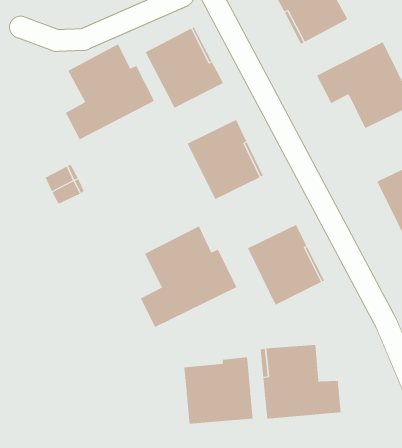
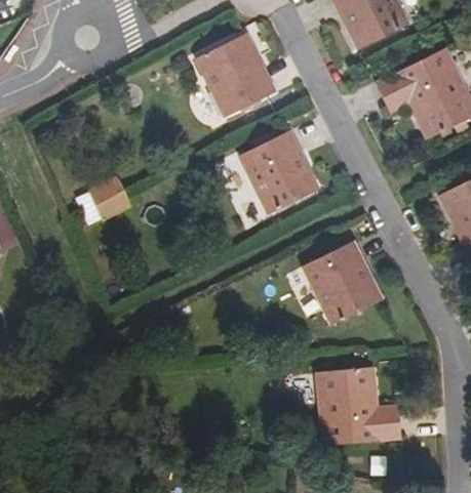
building: [65,44,155,140] -> none
building: [140,226,237,328] -> none
building: [184,357,253,424] -> none

